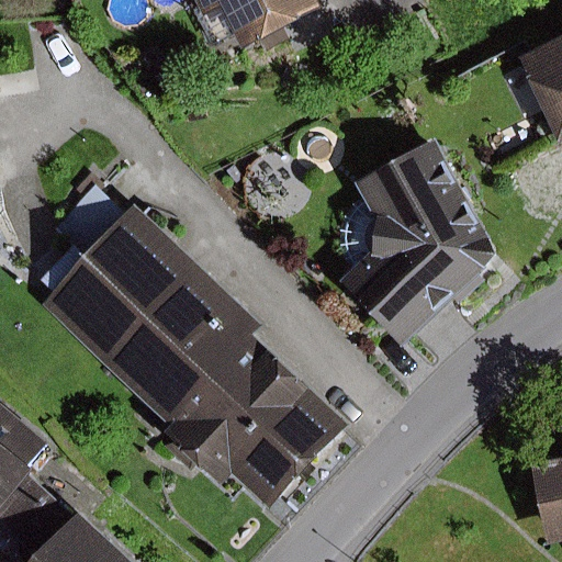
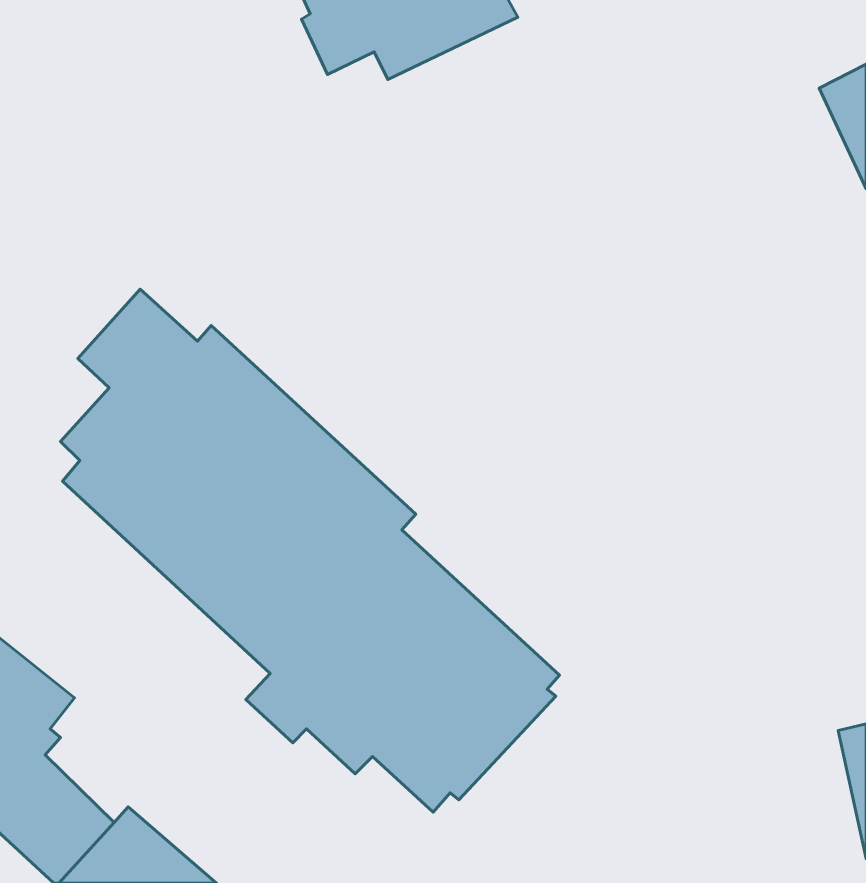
building: [336,138,502,349] -> none

